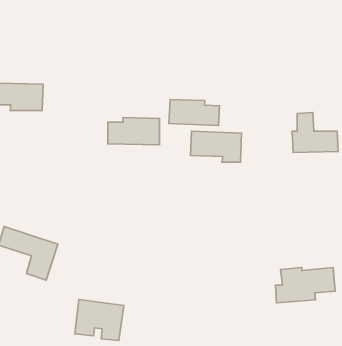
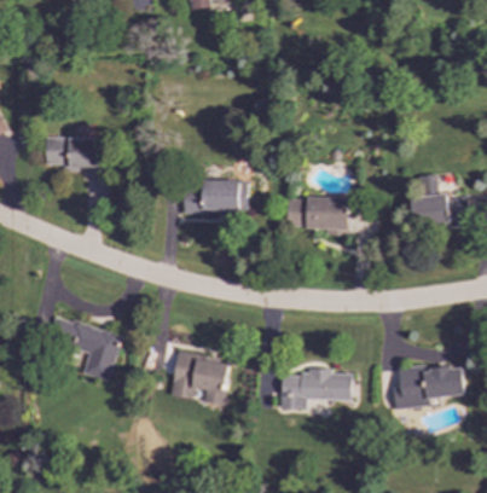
building: [169,100,220,125] -> none
building: none -> [280,367,352,408]
building: [75,300,124,341] -> [170,353,231,404]

